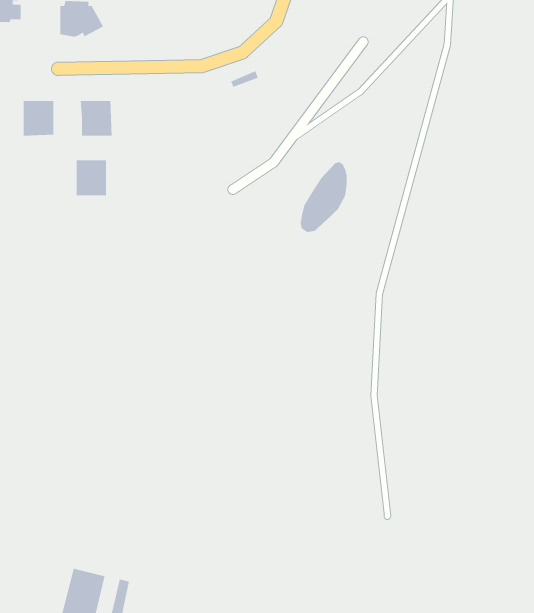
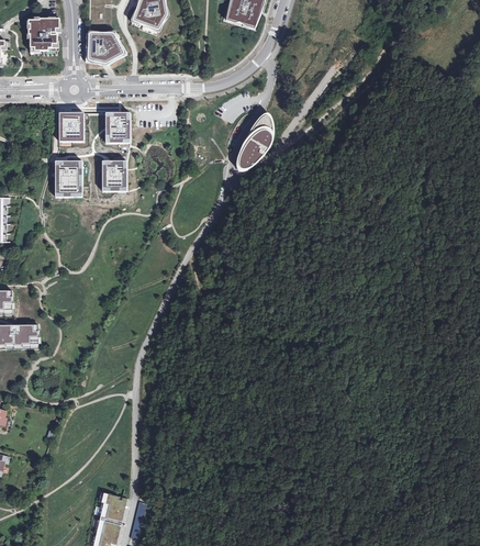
building: none -> [54,160,80,196]
building: [300,161,347,233] -> [234,114,272,172]

